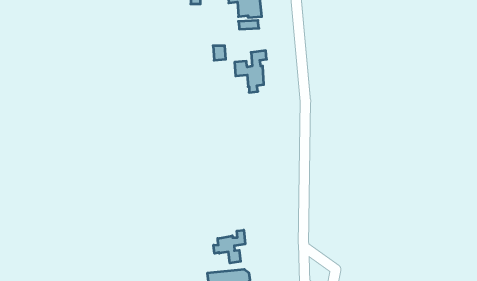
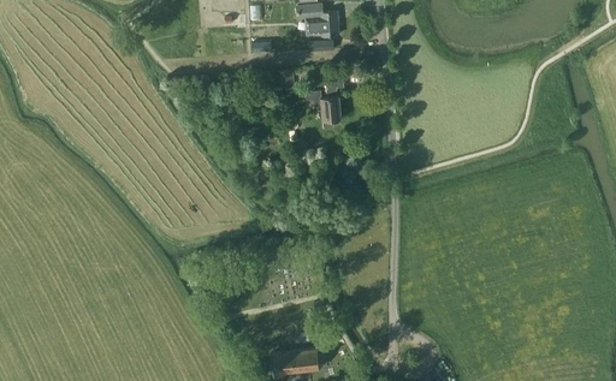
building: [214,230,245,263] -> none

